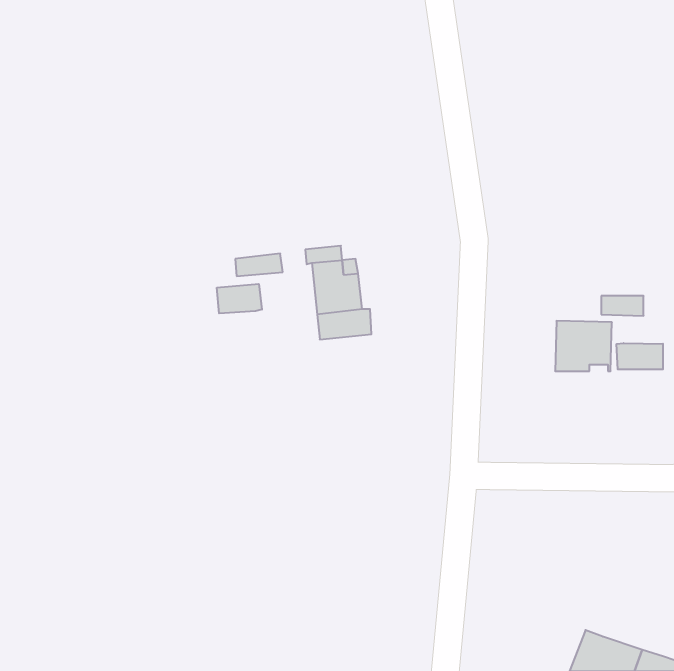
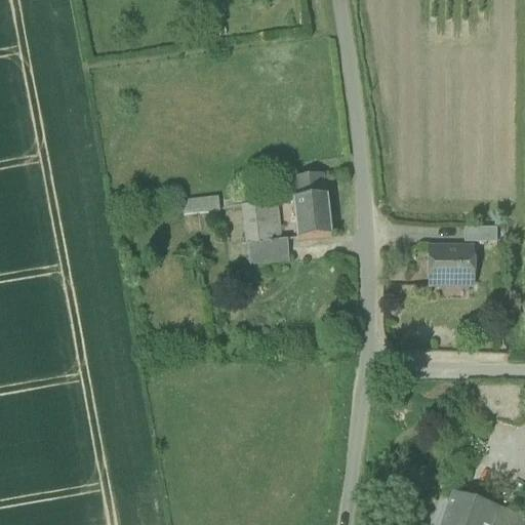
building: none -> [292,174,331,239]
building: [217,284,262,313] -> none
building: [617,343,663,369] -> none

